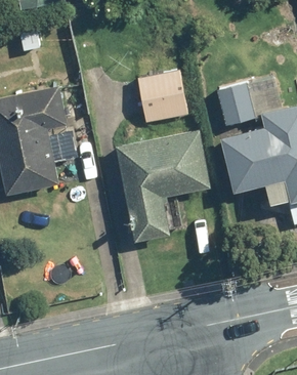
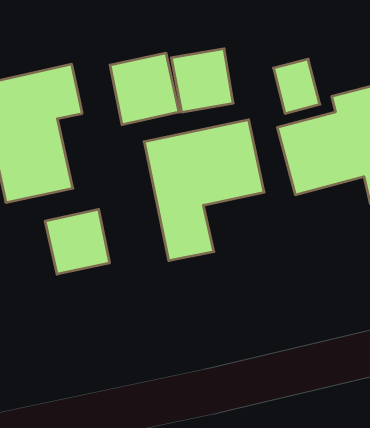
building: none -> [110,53,179,125]
building: none -> [45,209,109,274]

